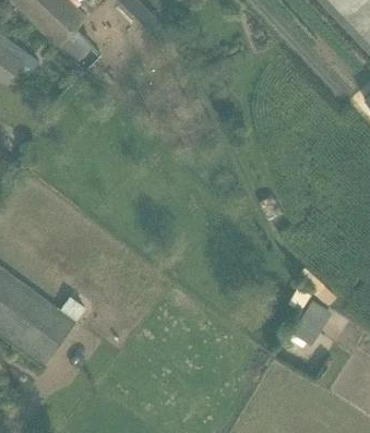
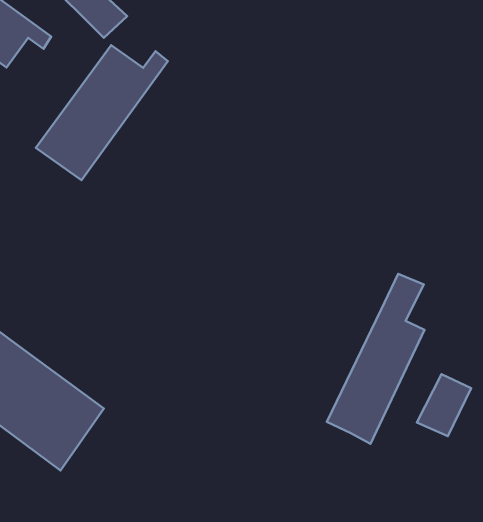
building: none -> [36,45,168,180]
building: none -> [327,274,425,444]

